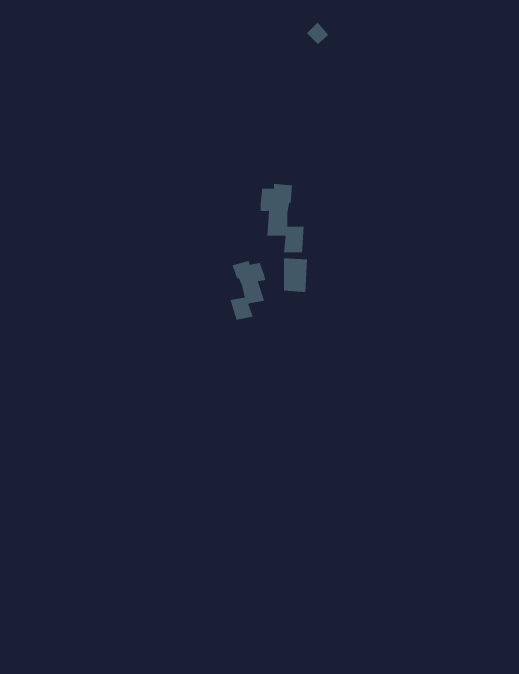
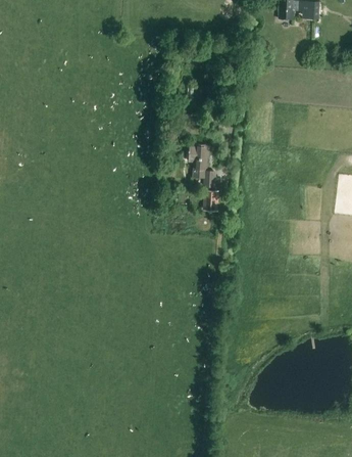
building: [230,260,266,320] -> none

